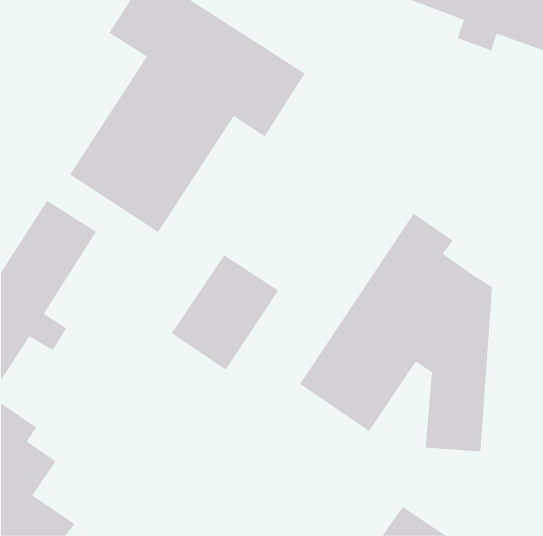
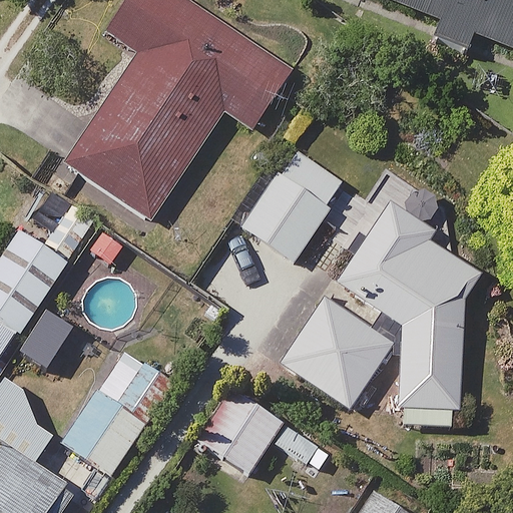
building: [171,254,279,370] -> [241,150,344,260]
building: none -> [61,348,173,473]
building: none -> [204,392,317,474]

